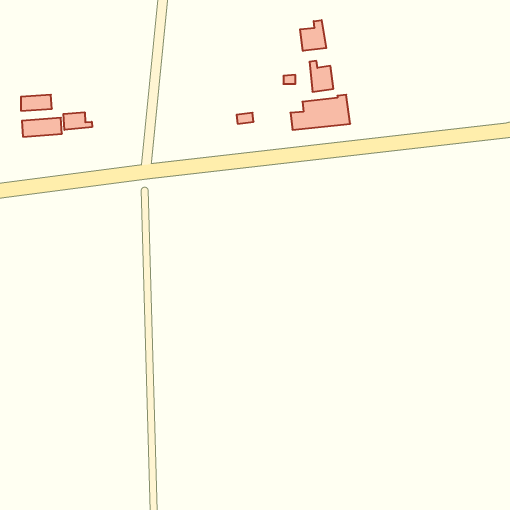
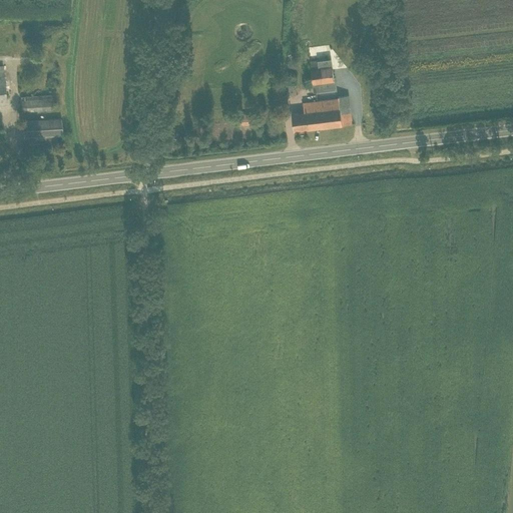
building: [300,20,326,51] -> none
building: [63,112,92,130] -> none

